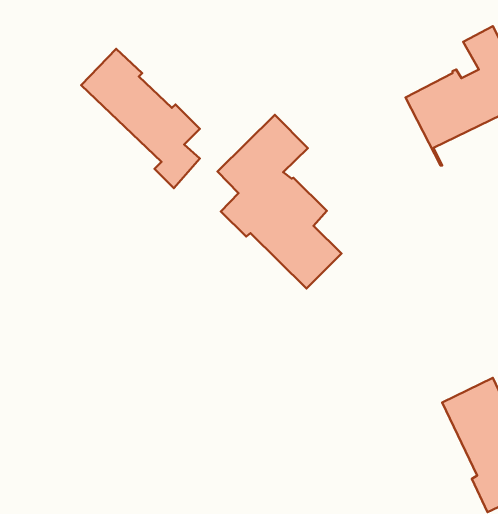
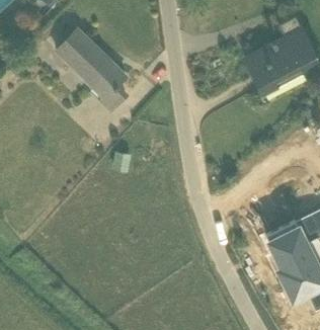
building: [217,115,342,289] -> none

